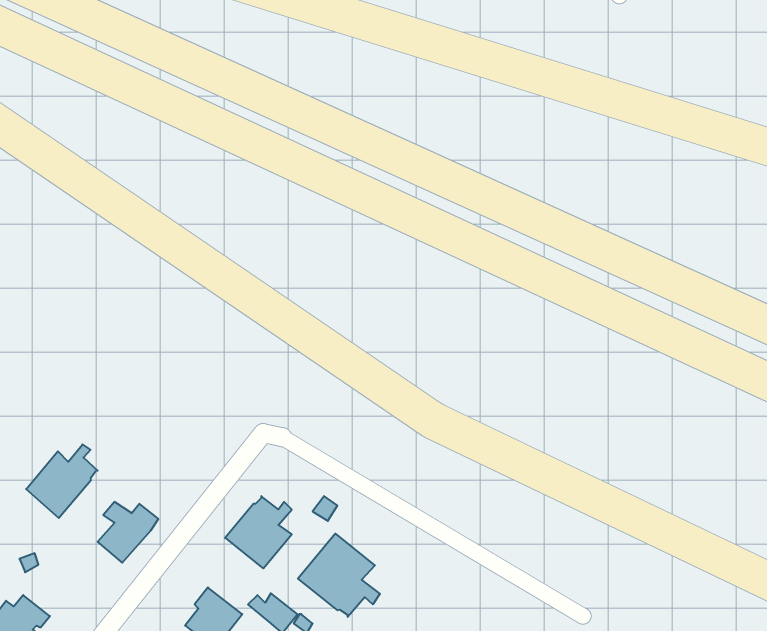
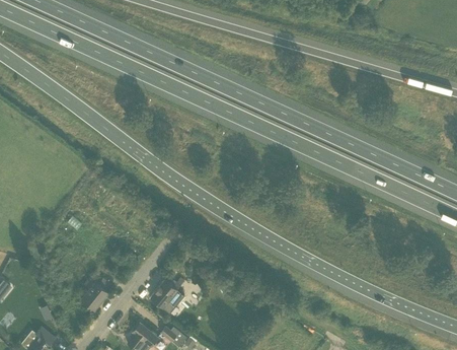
building: [26,444,98,518] -> none
building: [298,534,380,617] -> none

